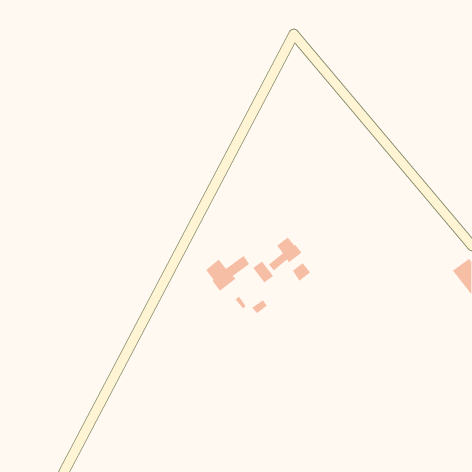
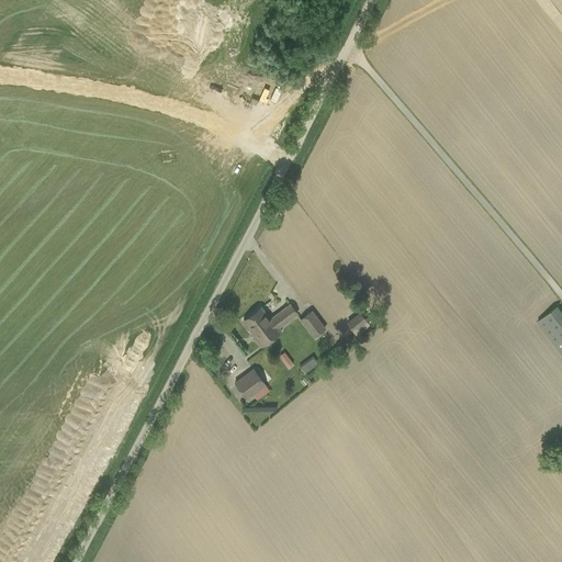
building: [268,237,302,271] -> none
building: none -> [235,369,268,406]

